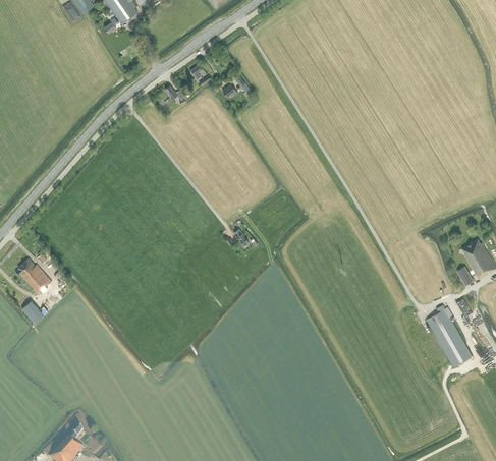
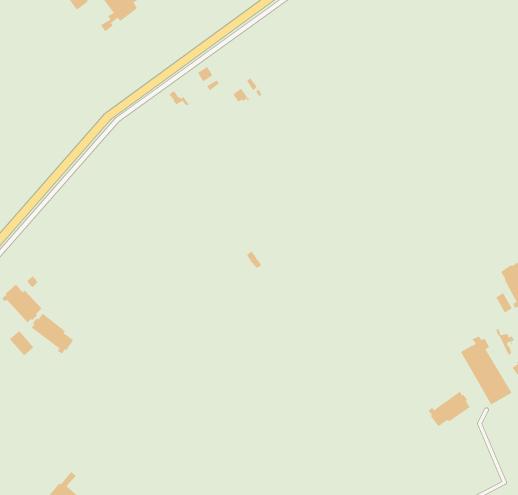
building: none -> [31,313,74,355]
building: none -> [427,391,471,427]

